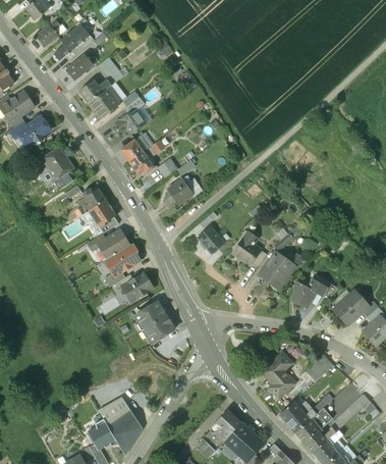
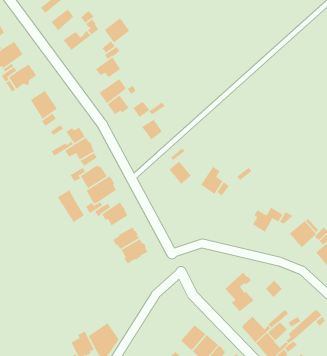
building: [89,88,118,117] -> [104,17,130,43]
building: [260,251,294,287] -> none
building: none -> [57,189,85,223]
building: [99,396,129,423] -> none

